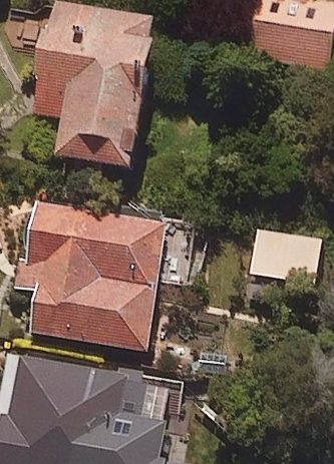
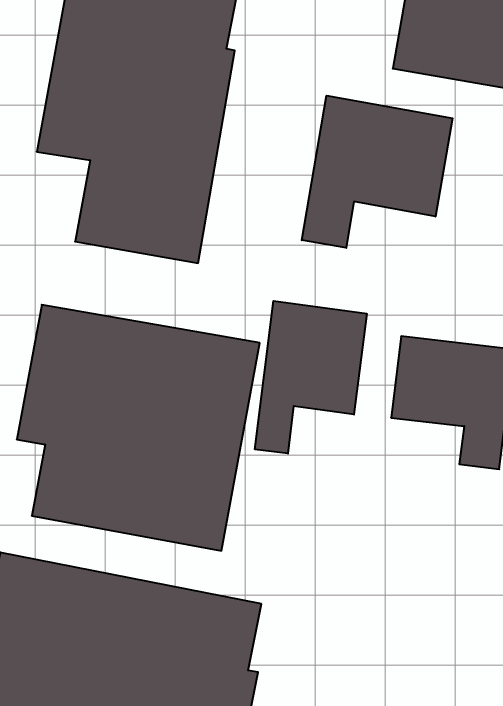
building: none -> [302,96,453,248]
building: none -> [255,301,367,454]

